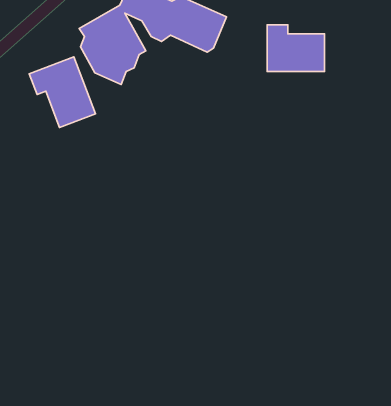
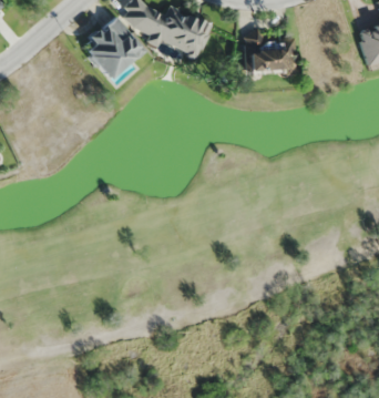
building: [29,57,95,128] -> none

